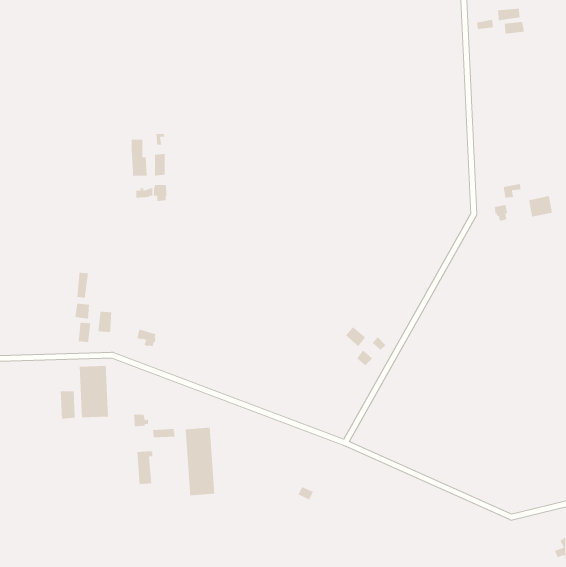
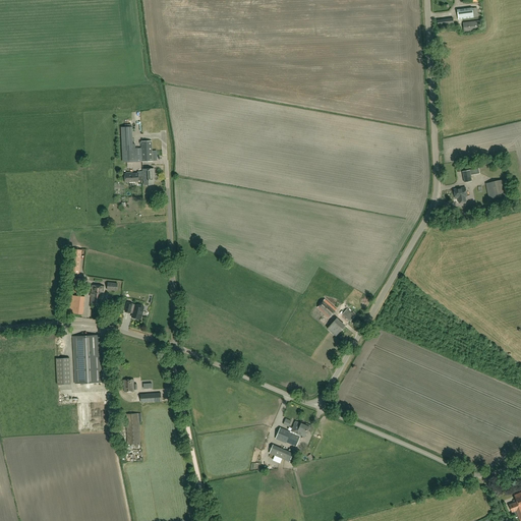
building: [185,427,215,496] -> none
building: none -> [275,421,310,447]

